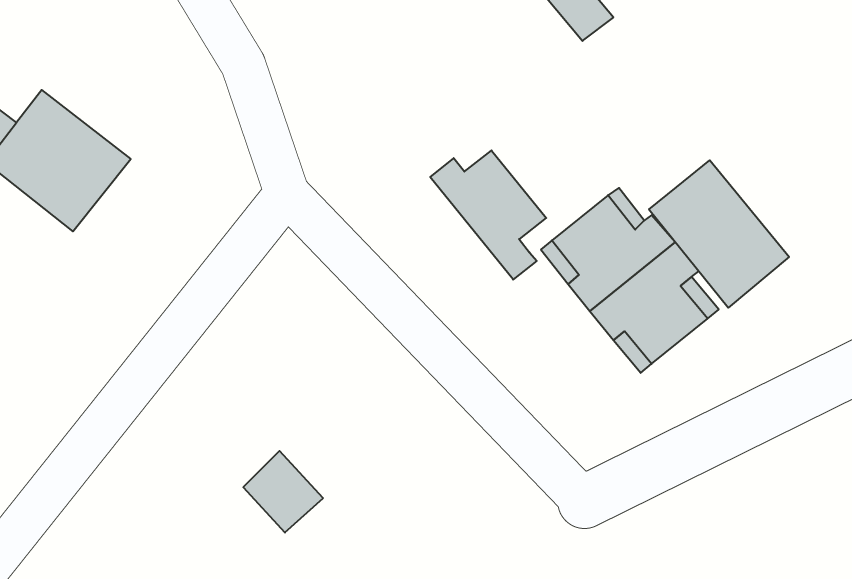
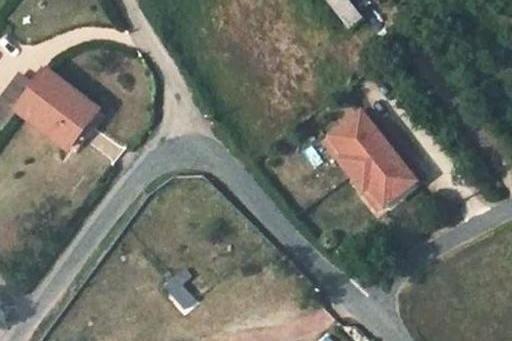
building: [430,150,546,280] -> none
building: [649,160,789,308] -> none

